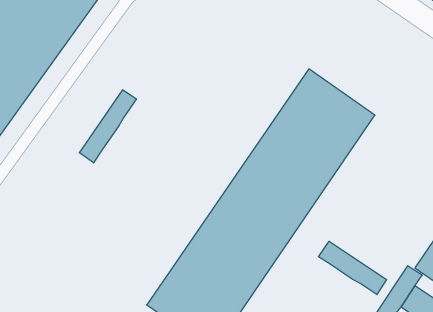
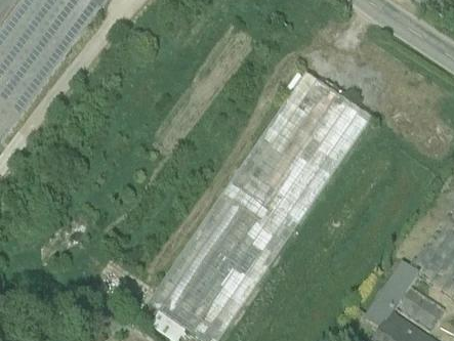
building: [79,90,136,163] -> none
building: [318,241,387,295] -> none

